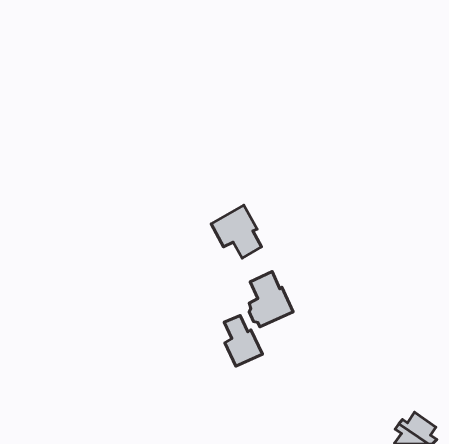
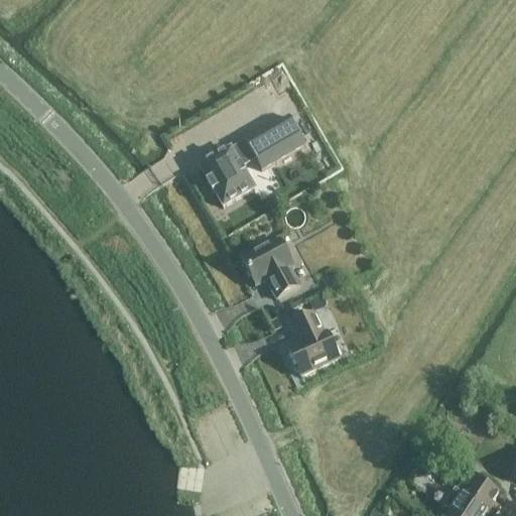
building: none -> [201,122,298,204]
building: [224,315,262,366] -> none

